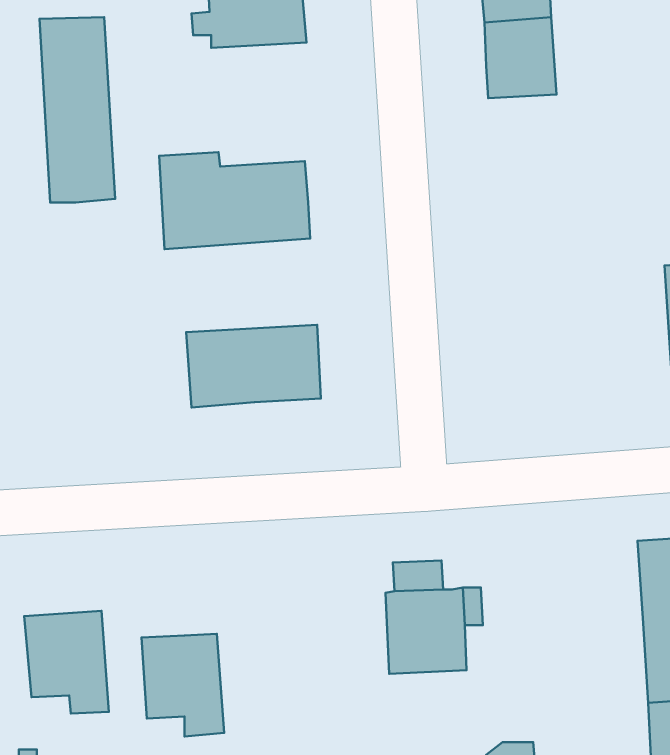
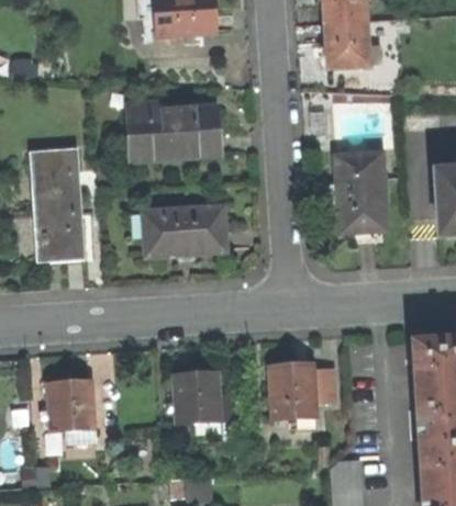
building: [39,17,115,202] -> [37,149,84,262]
building: none -> [335,153,386,232]
building: [141,634,224,736] -> [169,373,220,436]

